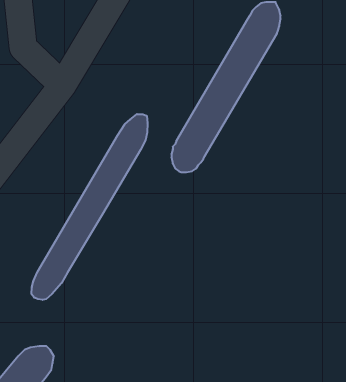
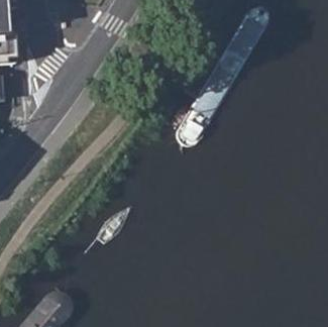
building: [31,114,147,300] -> none

